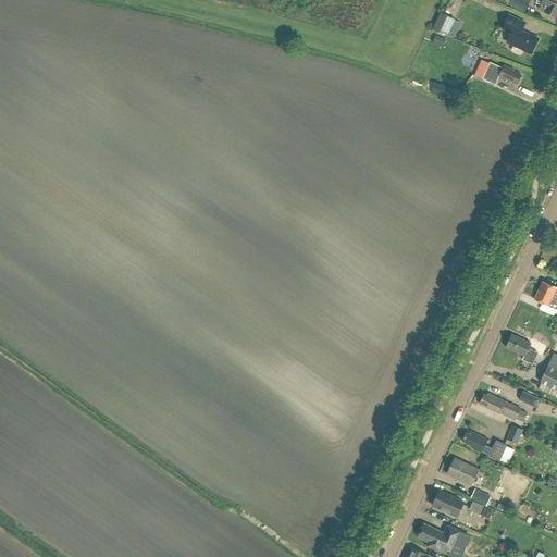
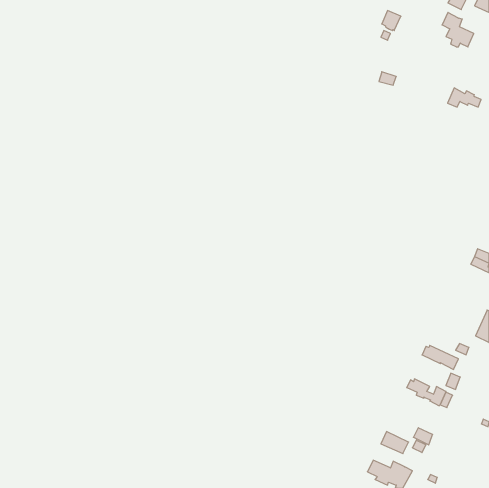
building: [483,61,521,83] -> [448,88,481,107]
building: [506,334,539,363] -> none
building: [448,458,480,485] -> none

